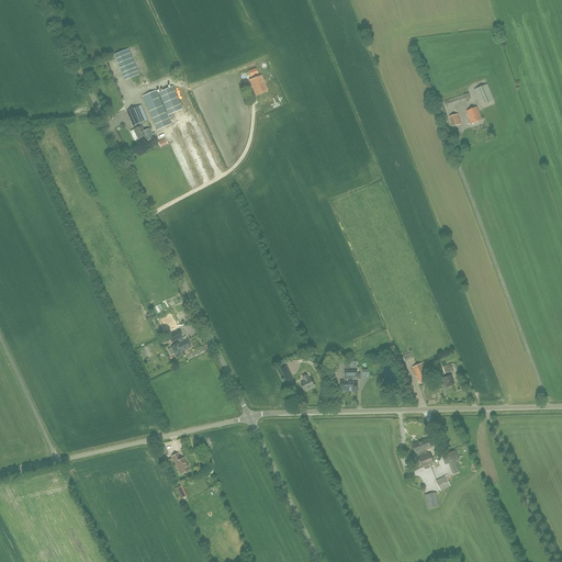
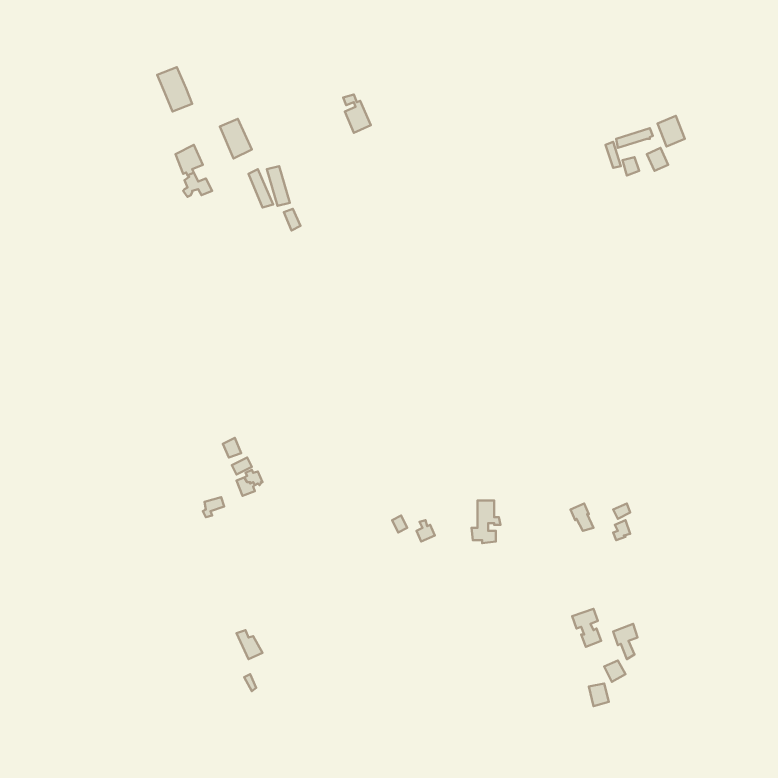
building: [142,89,170,130] -> none

